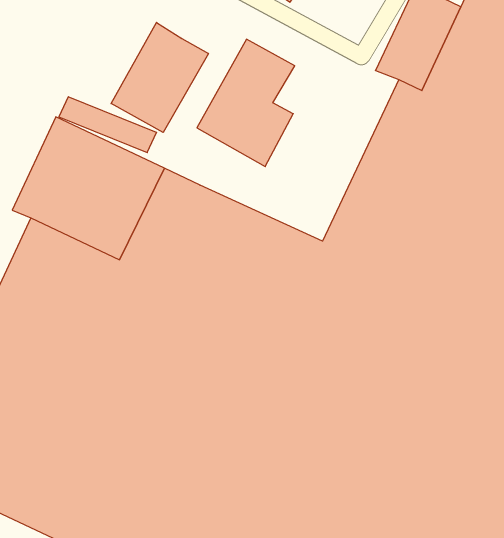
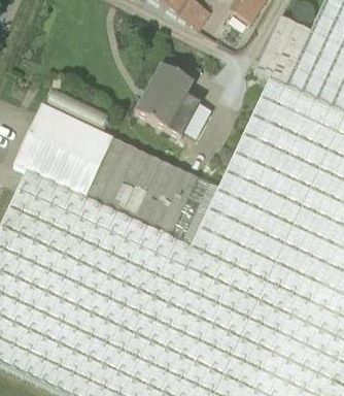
building: [111,22,208,132] -> none

